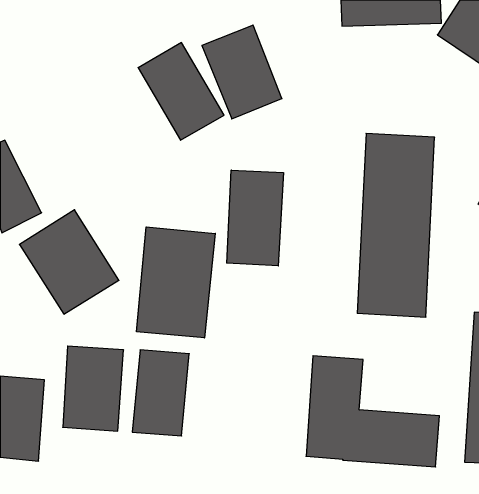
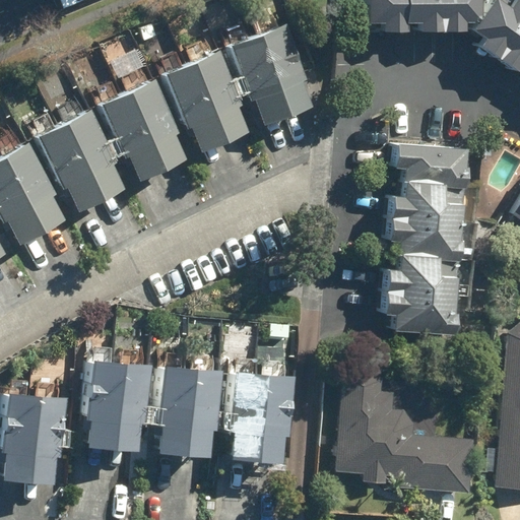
building: none -> [101,82,182,175]
building: [227,170,283,266] -> none
building: [19,210,119,314] -> [27,104,132,213]
building: [137,227,215,338] -> none
building: none -> [225,375,287,461]

